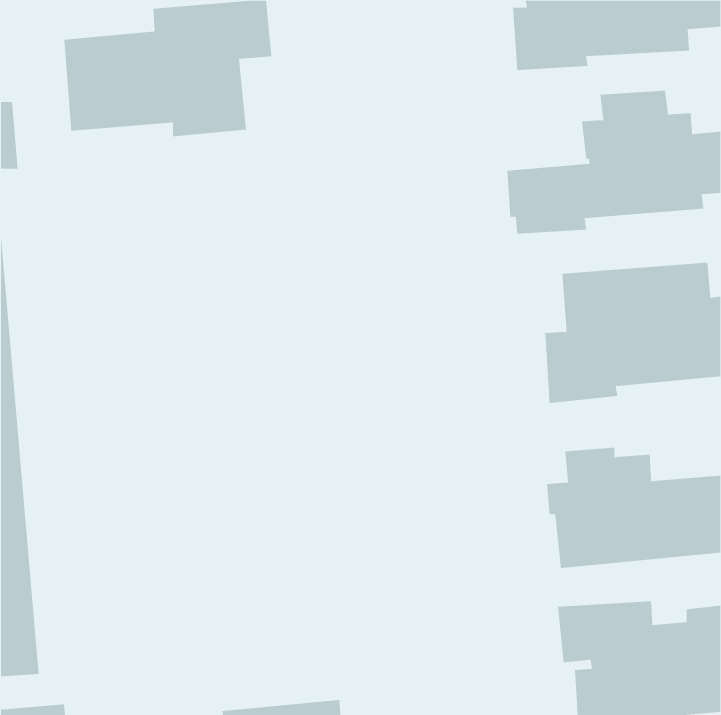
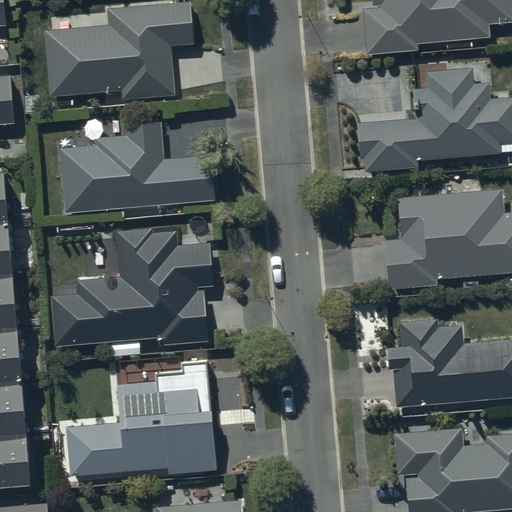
building: none -> [60,124,214,212]
building: none -> [51,229,212,346]
building: none -> [64,360,214,474]

